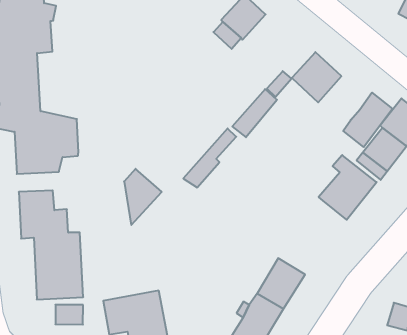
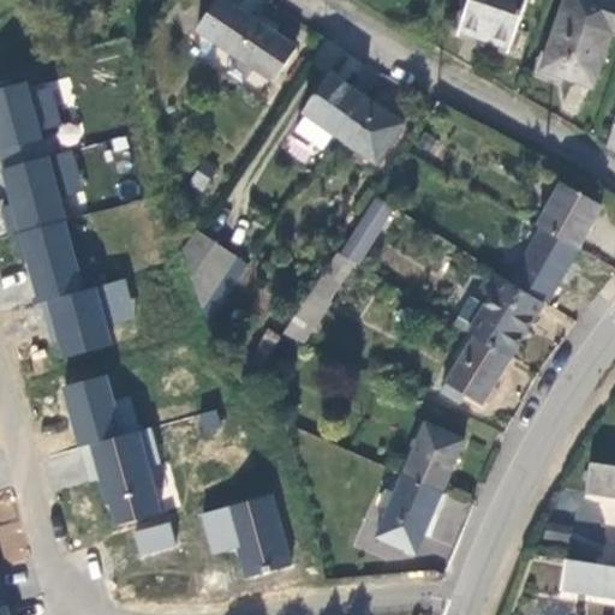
building: [292,52,341,102] -> [335,96,401,163]
building: [343,93,393,147] -> none
building: [124,169,162,225] -> [181,229,234,306]
building: none -> [440,336,509,404]

